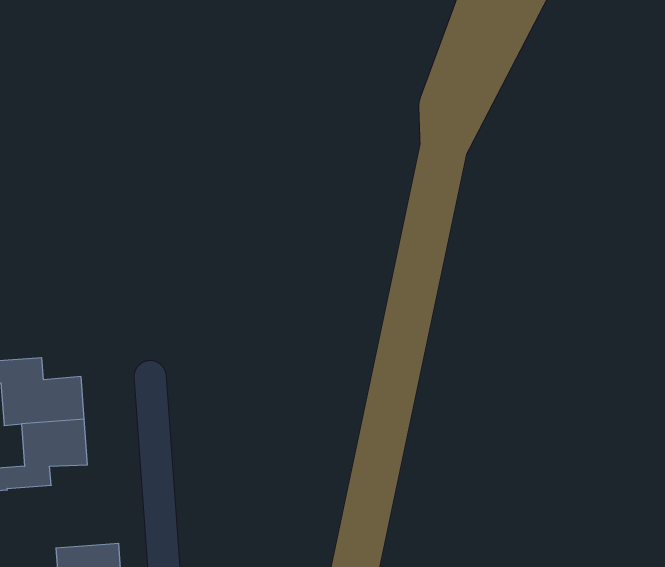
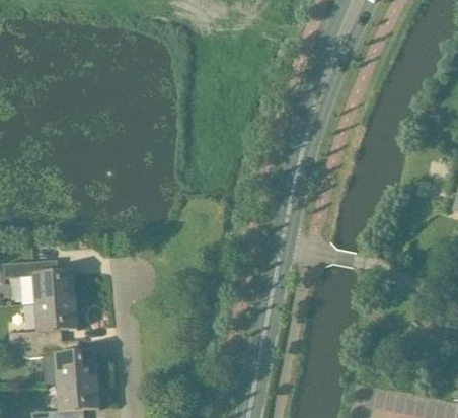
building: none -> [24,341,96,385]

